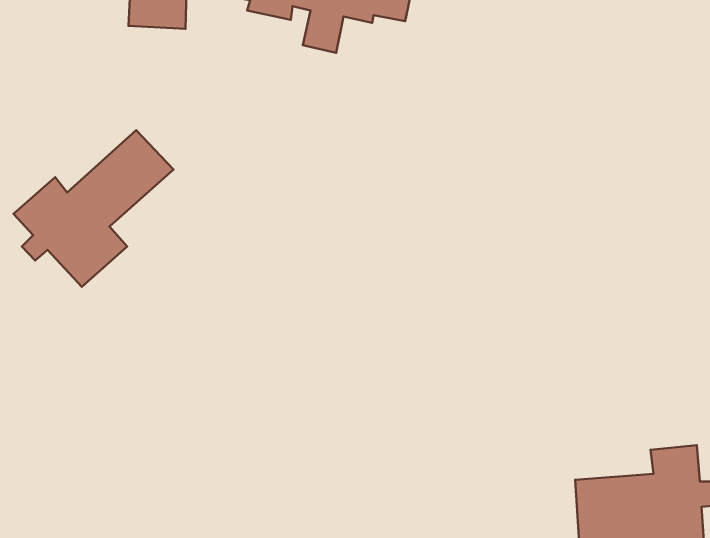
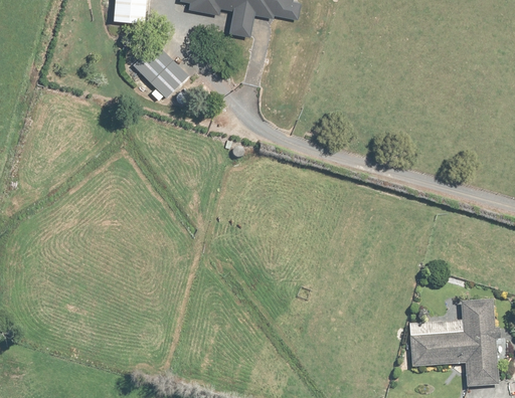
building: none -> [134,41,190,103]
building: [14,130,173,287] -> none

